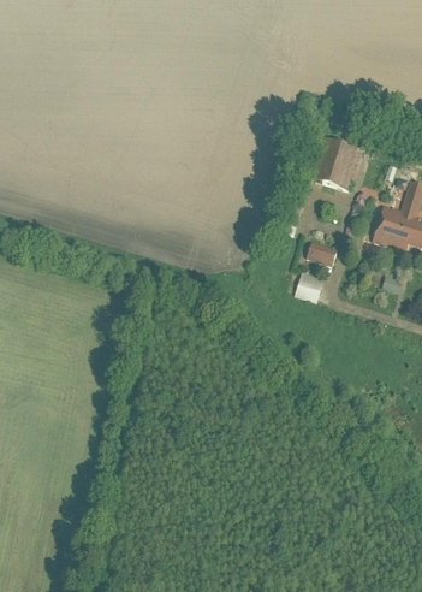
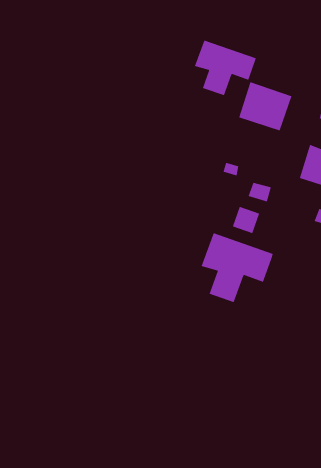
building: none -> [194,40,257,96]
building: none -> [200,232,274,303]

